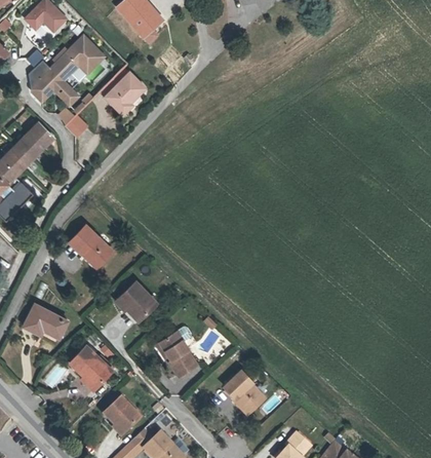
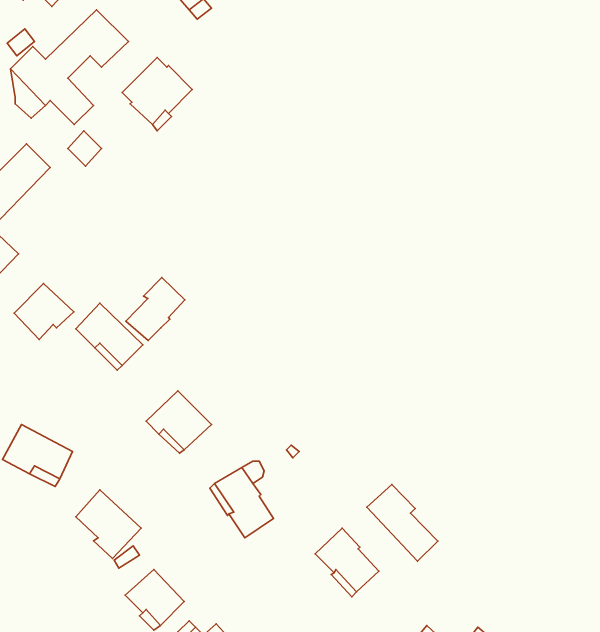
building: none -> [126,277,185,340]
building: none -> [14,283,74,339]
building: none -> [367,484,438,561]

